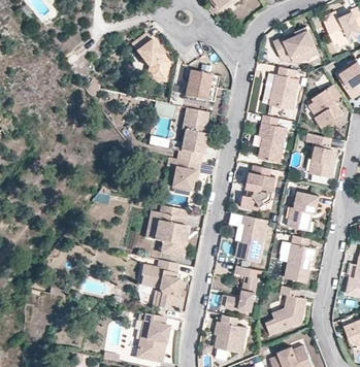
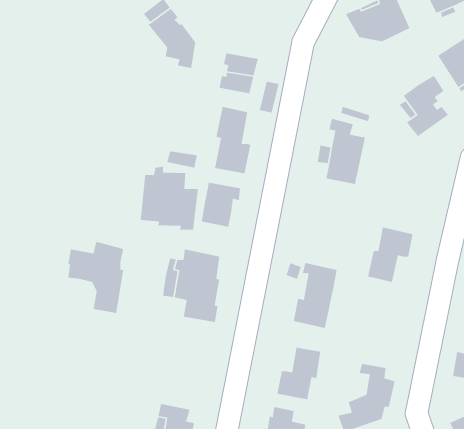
building: [268,68,298,109] -> none
building: [306,133,338,177] -> none
building: none -> [140,166,199,231]
building: [239,166,274,211] -> none
building: [286,235,314,281] -> none
building: [137,260,176,310] -> [68,241,124,314]

